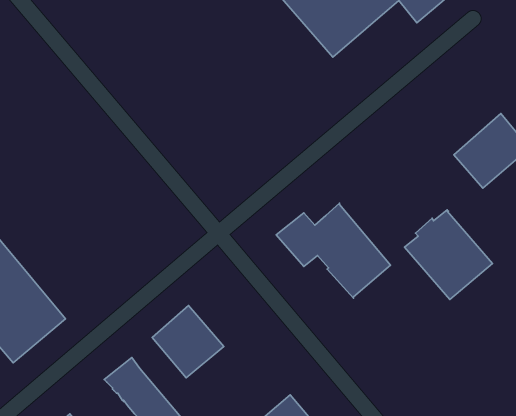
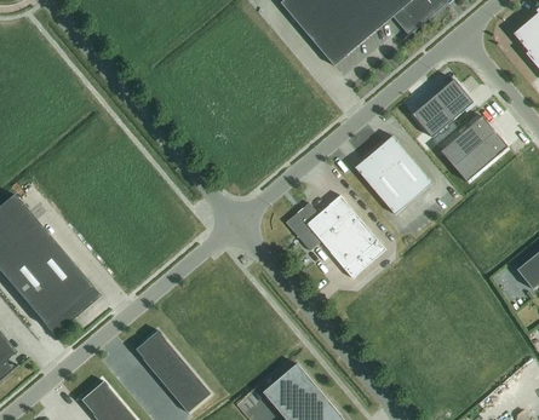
building: none -> [412,79,472,137]
building: [404,210,493,299] -> [355,134,432,213]
building: [152,306,224,378] -> none

